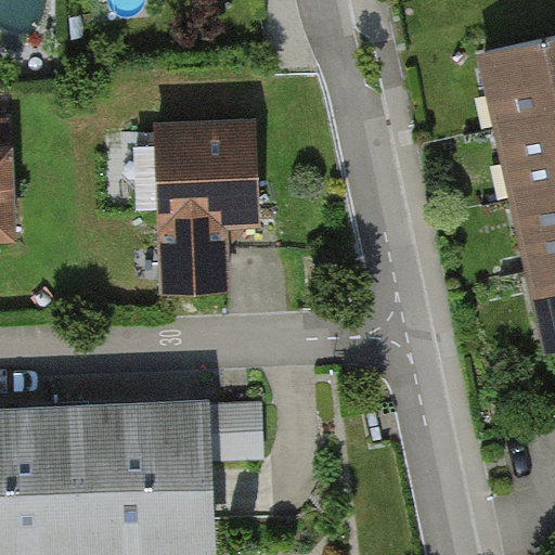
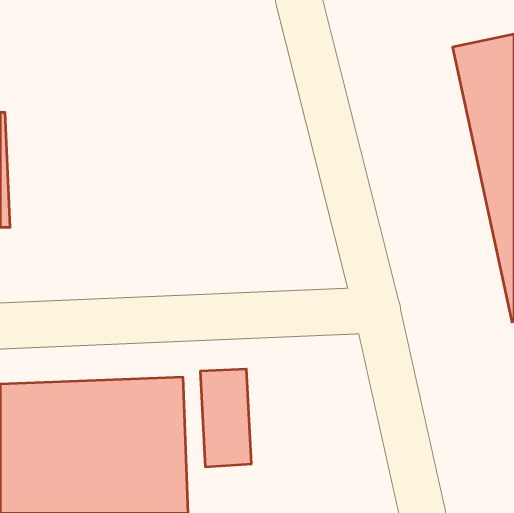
building: [144,120,255,297] -> none

